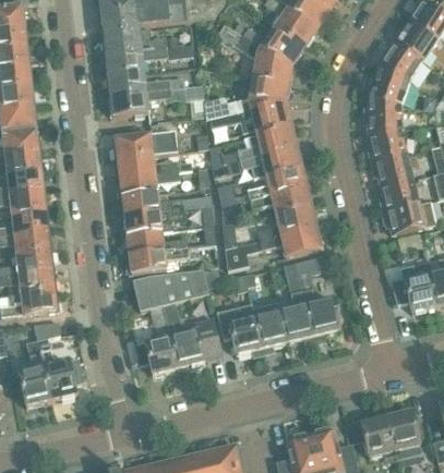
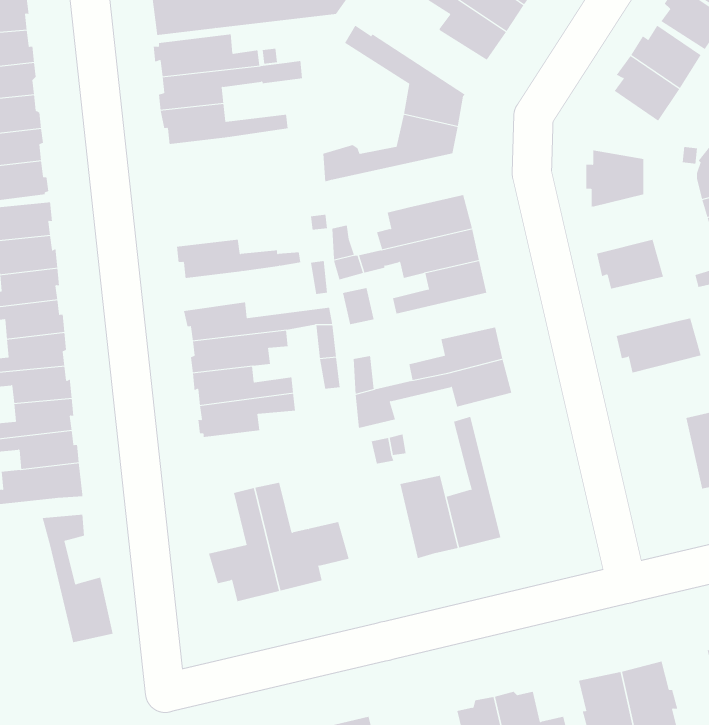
building: [236,21,305,65] -> none
building: [369,66,409,105] -> none
building: [110,85,203,117] -> none
building: [211,101,291,134] -> none
building: [368,130,407,162] -> none
building: [115,131,177,158] -> none
building: [119,170,180,197] -> none
building: [381,180,420,213] -> none
building: [250,186,311,215] -> none
building: [296,255,340,336] -> none
building: [393,263,436,313] -> none
building: [133,270,208,311] -> none
building: [217,303,263,354] -> none
building: [19,340,52,407] -> none

